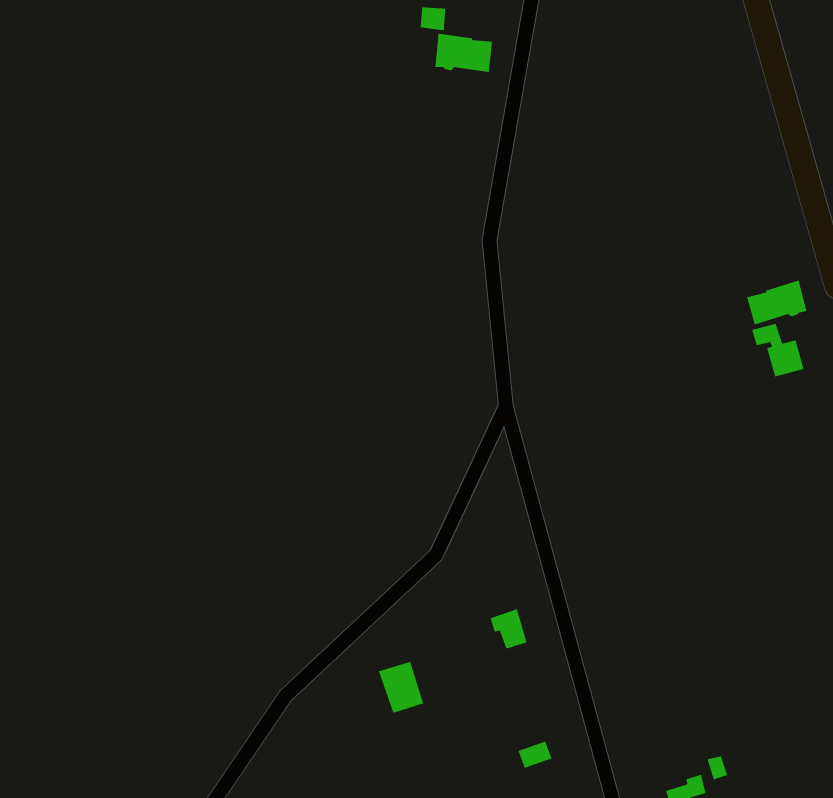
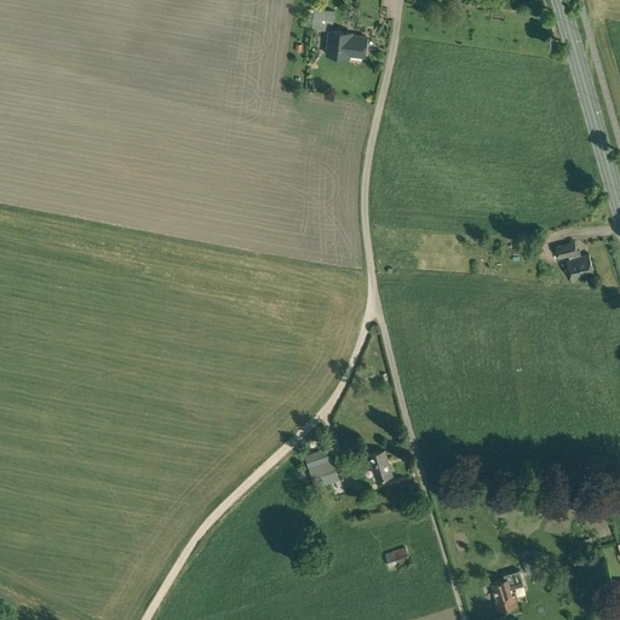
building: [746,280,808,326] -> none
building: [378,661,424,714] -> [304,449,338,488]

